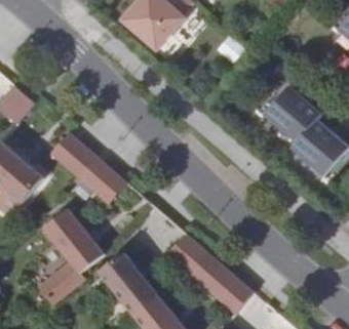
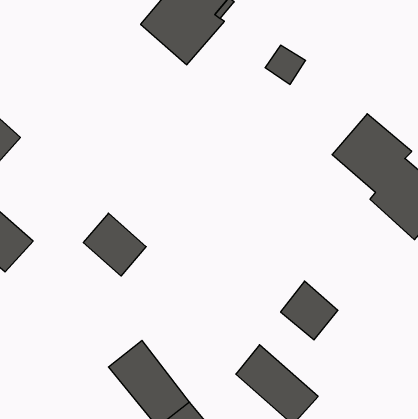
building: [49,132,99,179] -> none
building: [37,208,104,304] -> none
building: [167,233,209,276] -> [281,281,338,340]

